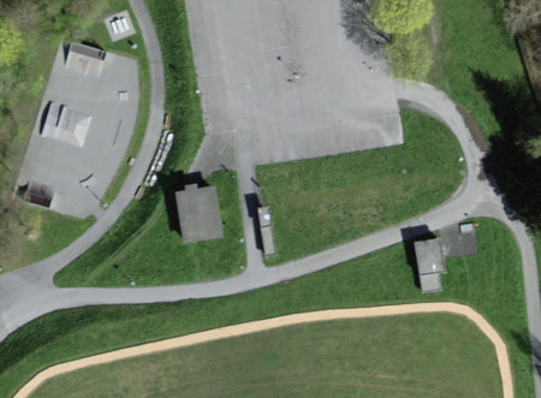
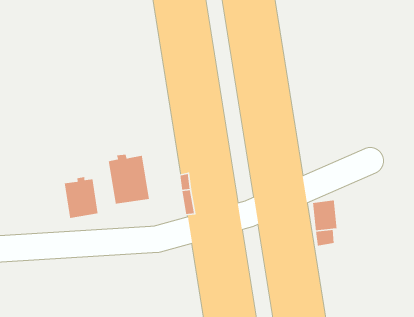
building: none -> [64,176,99,219]

